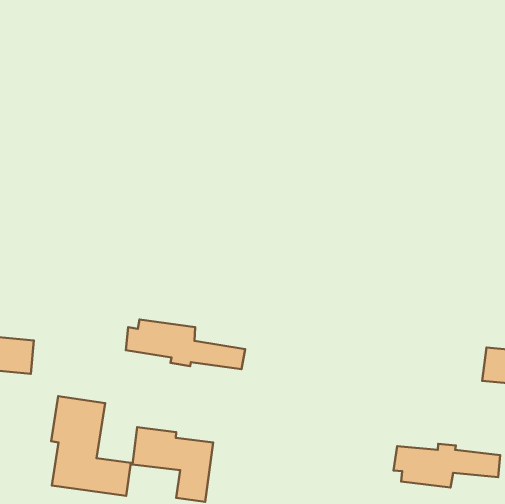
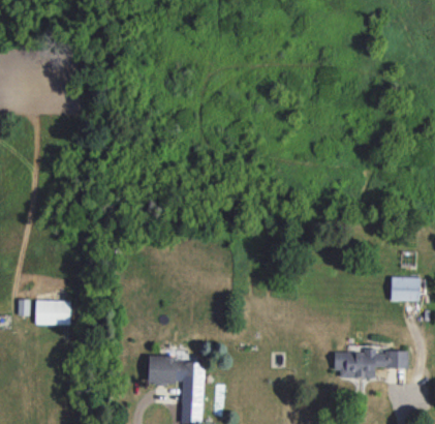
building: [126,319,245,369] -> none
building: [51,396,131,496] -> none

